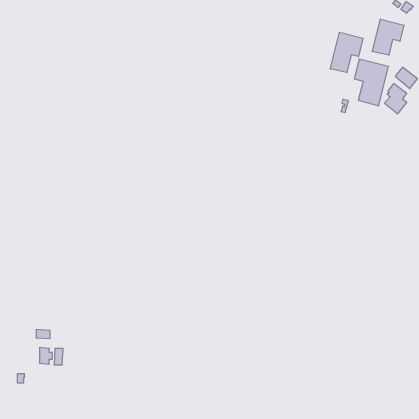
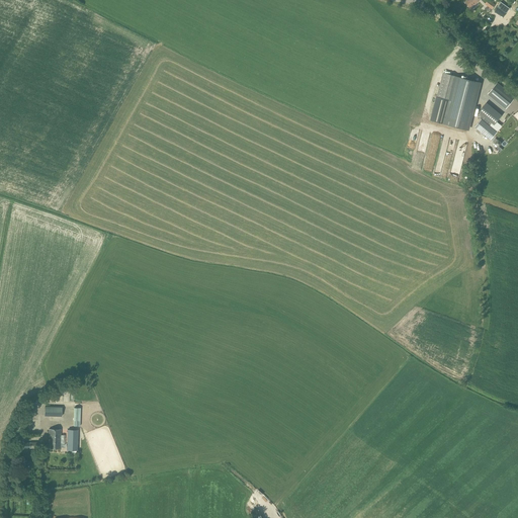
building: [372,19,404,55] -> none
building: [330,32,363,73] -> none

